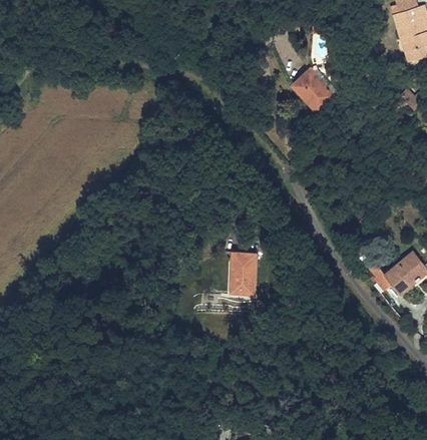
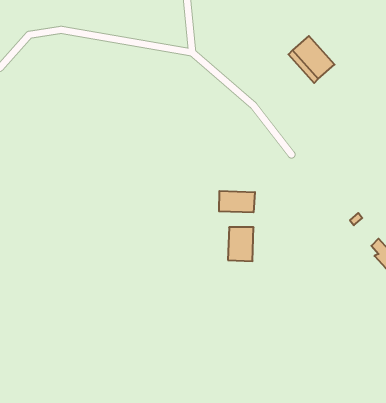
building: none -> [219,191,255,212]

